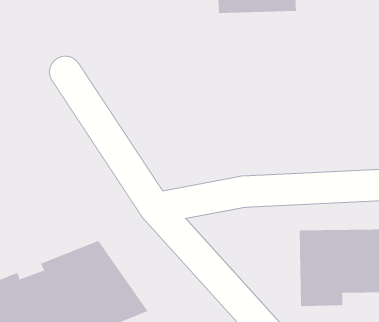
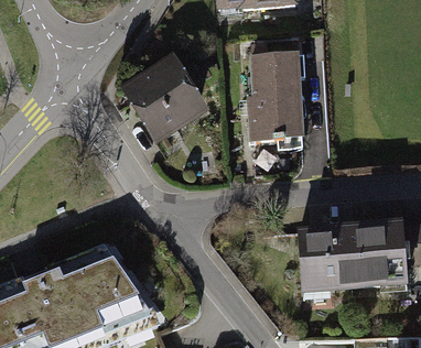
building: none -> [120,52,212,145]
building: none -> [250,57,310,144]

